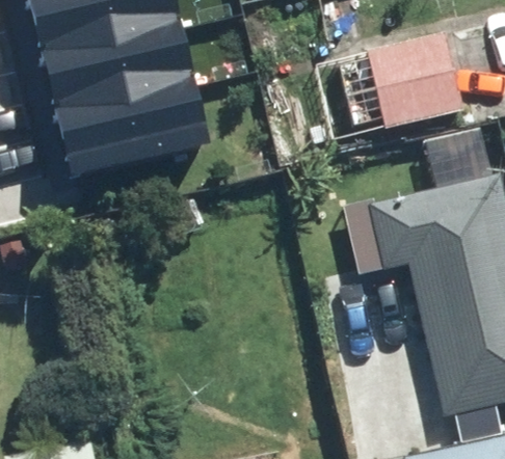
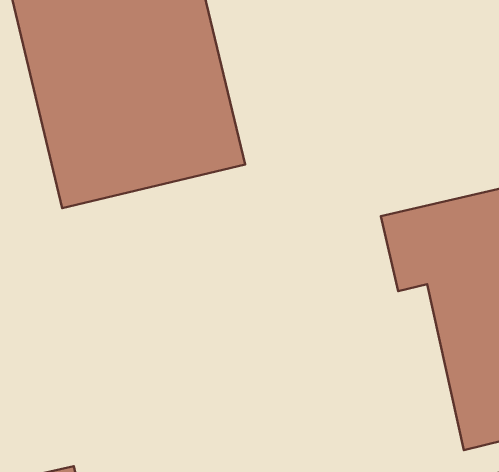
building: [335,31,463,134] -> none

